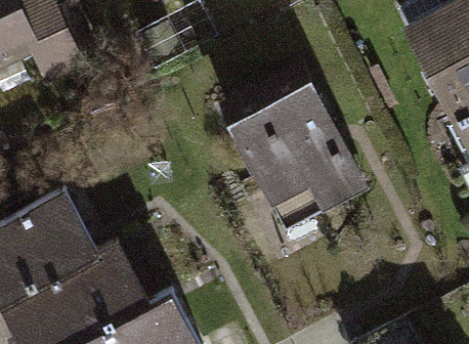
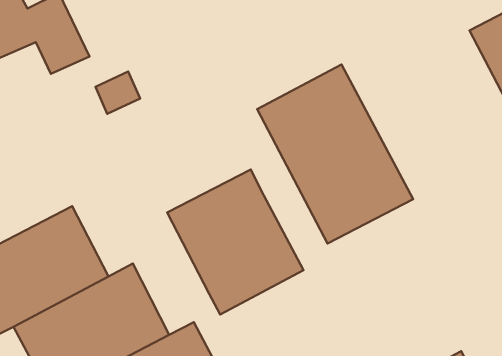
building: none -> [167,169,304,315]

